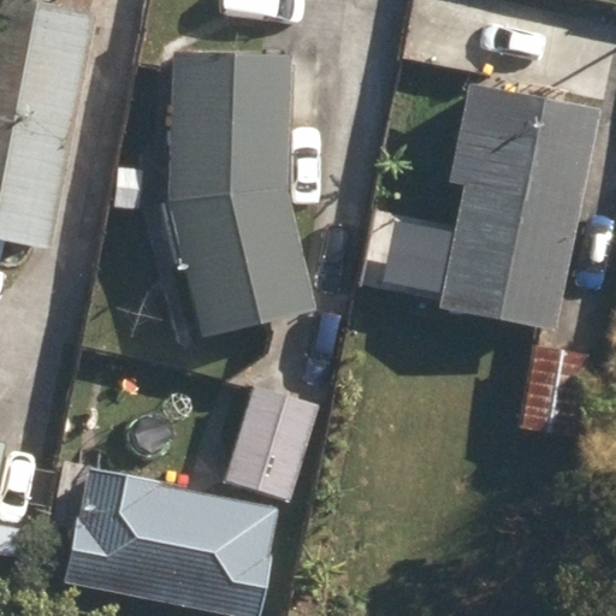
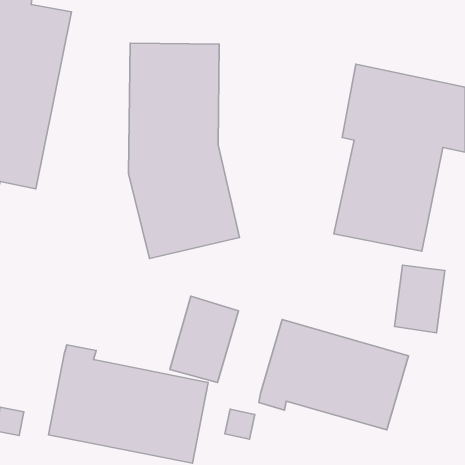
building: none -> [259,320,408,430]

